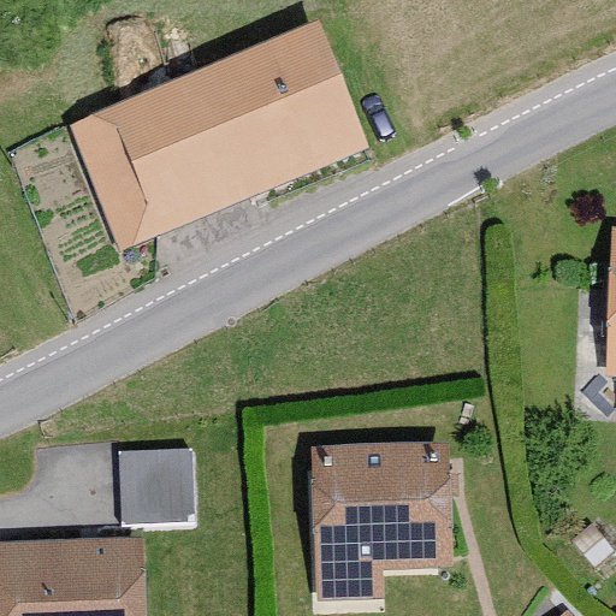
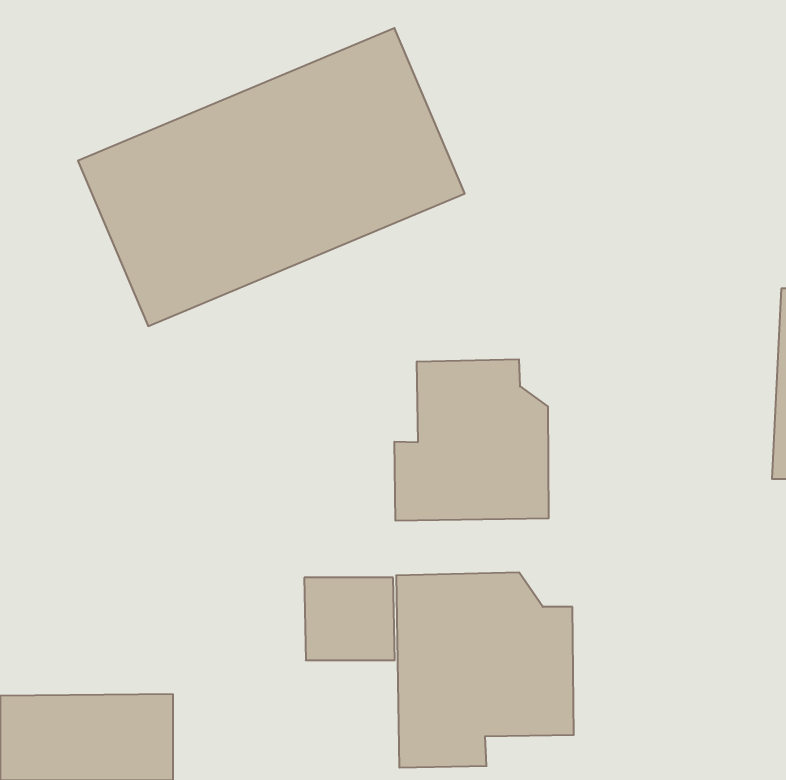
building: none -> [394,359,549,521]
building: [118,446,188,510] -> [304,578,395,660]

